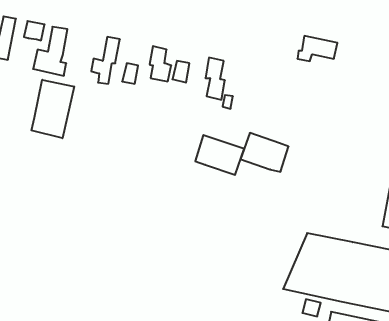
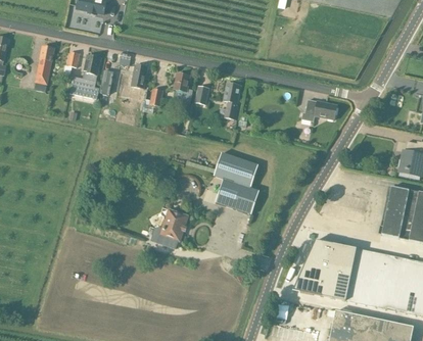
building: [297,36,337,61] -> [301,99,337,121]
building: [31,80,74,138] -> none
building: [241,133,289,172] -> [216,179,259,213]
building: none -> [157,209,188,248]

